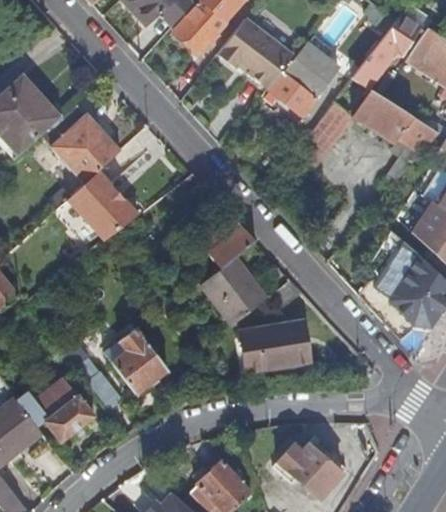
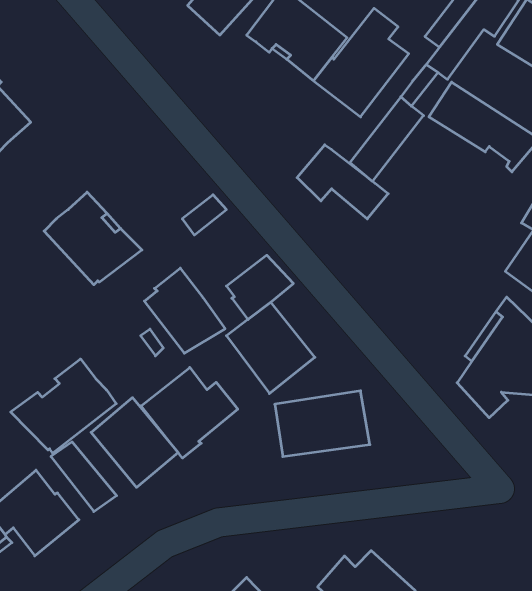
building: [41,103,122,186] -> none
building: none -> [297,145,388,219]
building: none -> [144,268,225,353]
building: none -> [11,359,116,453]
building: none -> [141,367,238,458]

